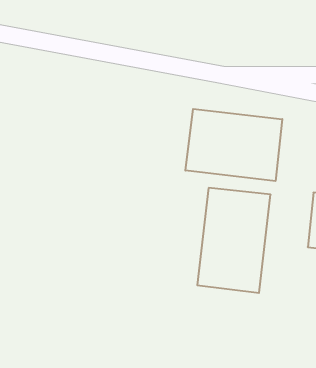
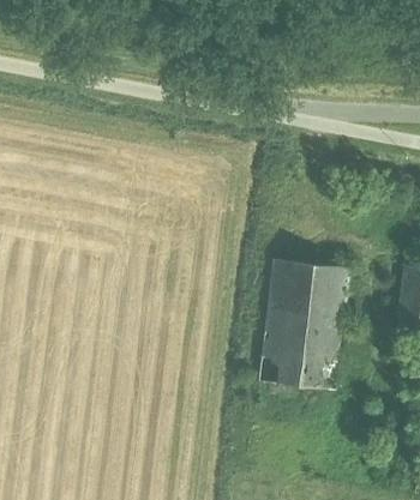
building: [185,109,282,181] -> none

